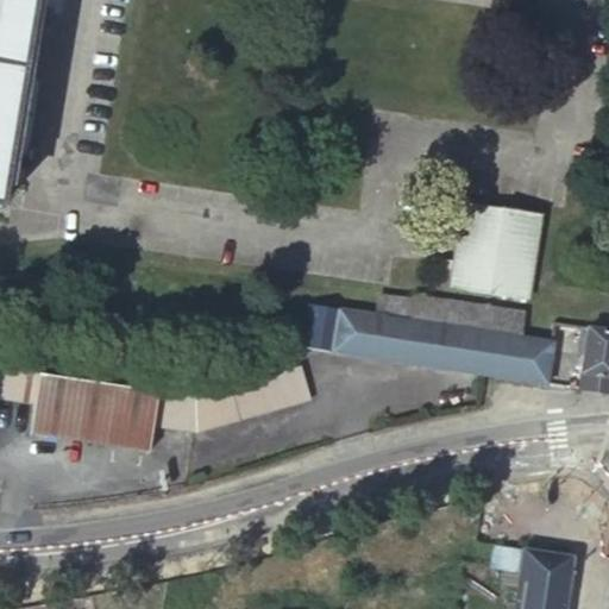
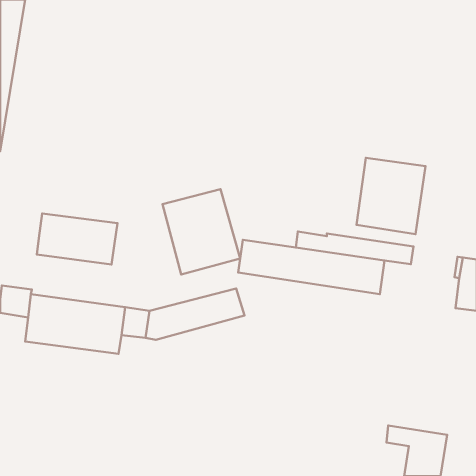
building: none -> [163,189,240,275]
building: none -> [37,214,118,265]
building: [485,332,554,384] -> none

